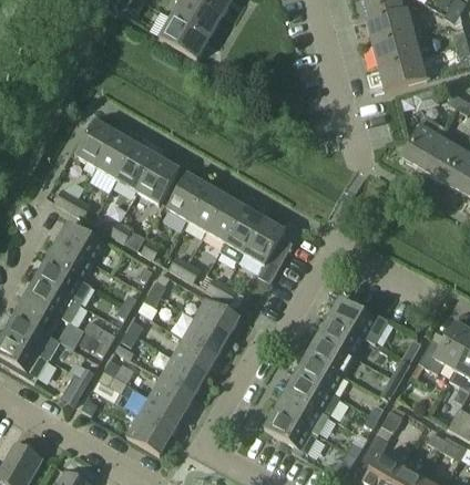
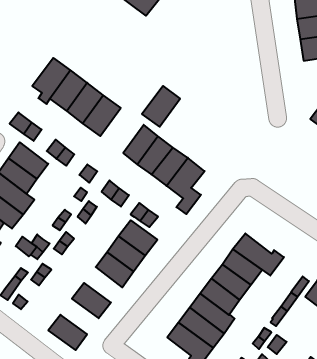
building: [167,172,210,219] -> [142,86,180,127]
building: [162,354,206,393] -> none
building: [139,394,183,433] -> none

